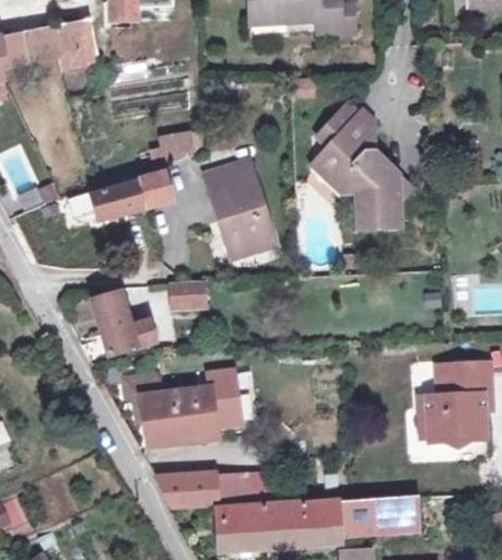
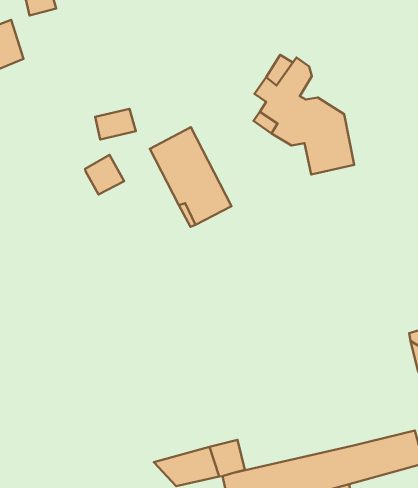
building: [70,184,147,224] -> none
building: [160,281,203,311] -> none
building: [92,289,157,354] -> none
building: [143,372,232,446] -> none

